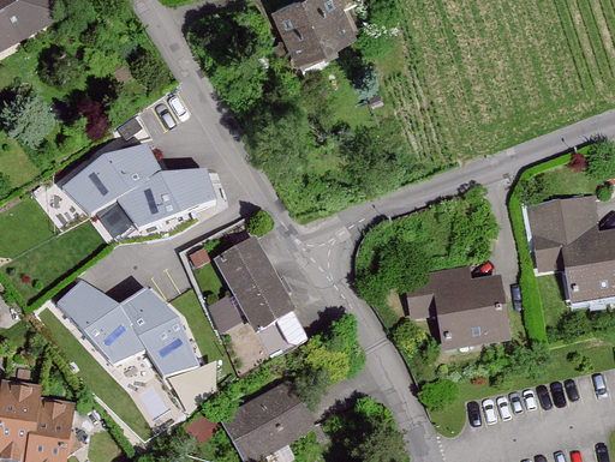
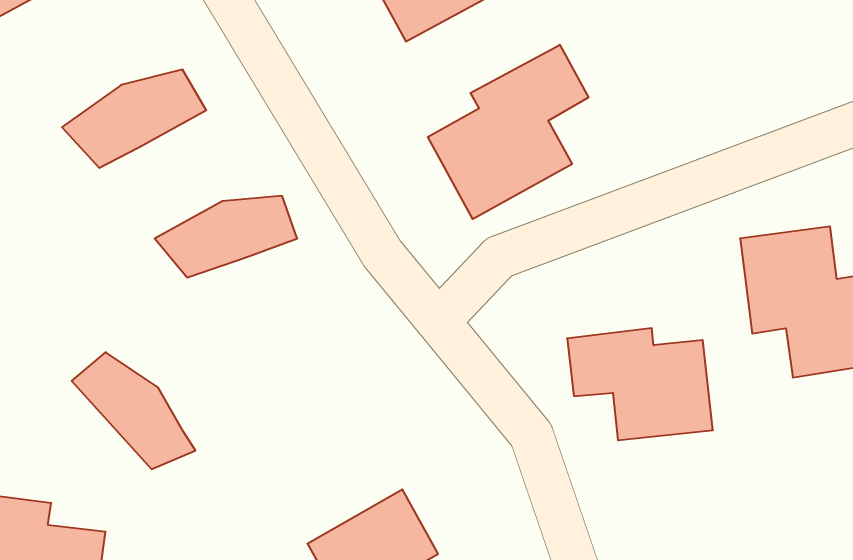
building: none -> [428,45,588,219]
building: [62,148,165,217] -> [62,70,206,168]
building: [209,235,294,335] -> none
building: [119,290,199,378] -> none

